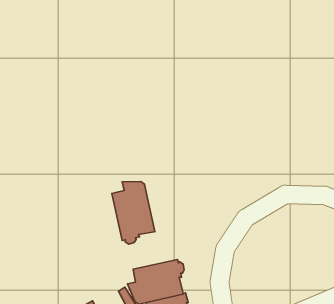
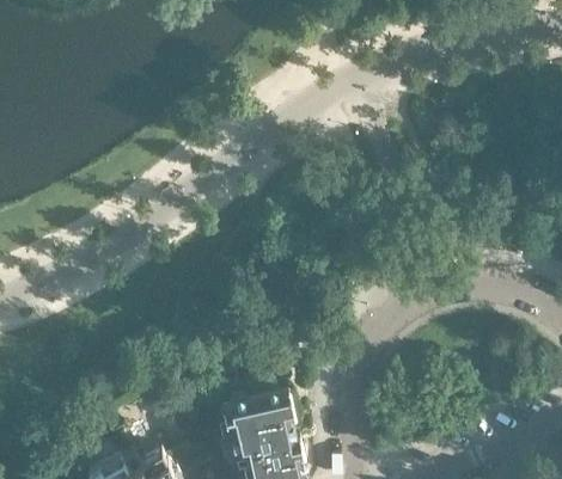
building: [112,181,155,244] -> none

